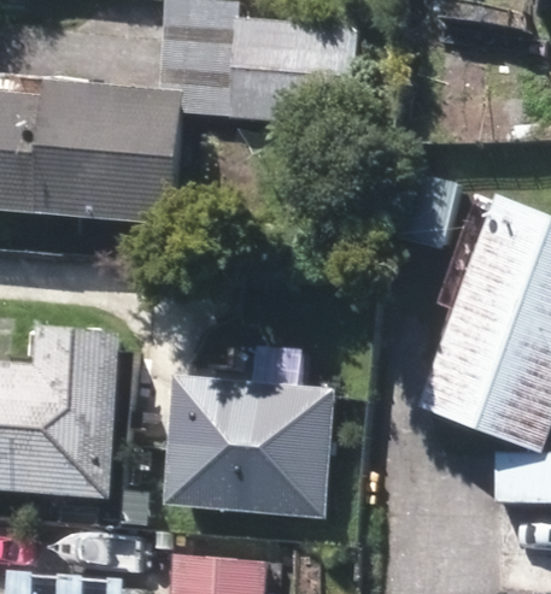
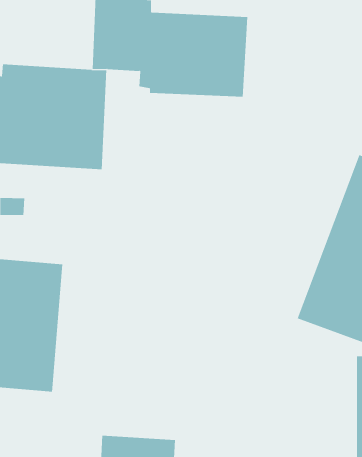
building: [156,370,326,502] -> none

